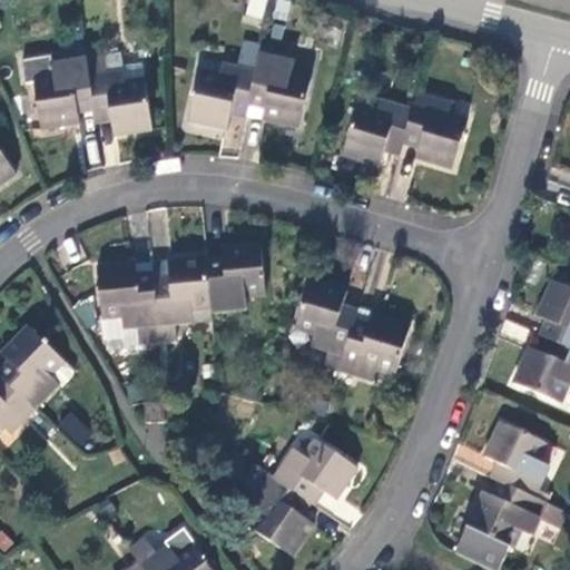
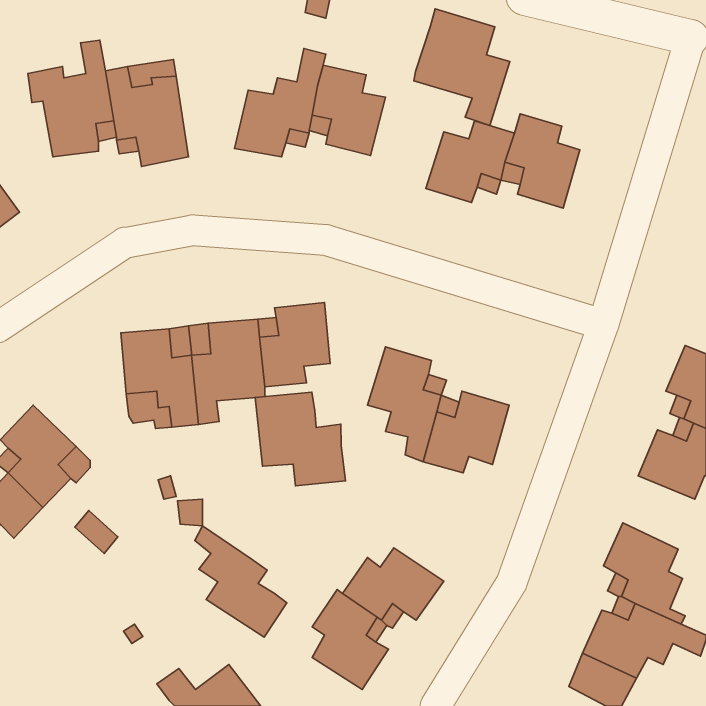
building: none -> [414,9,510,126]
building: none -> [255,392,345,486]
building: none -> [195,526,287,637]

